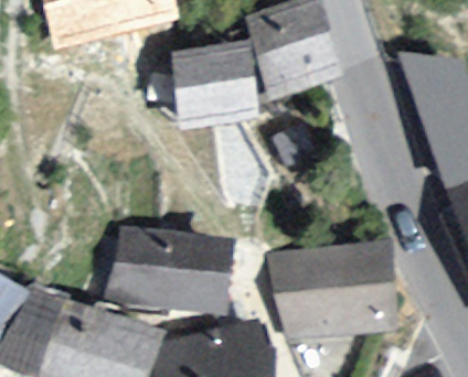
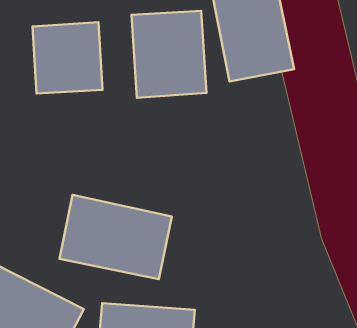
building: none -> [33,22,103,93]
building: [296,248,393,334] -> none

